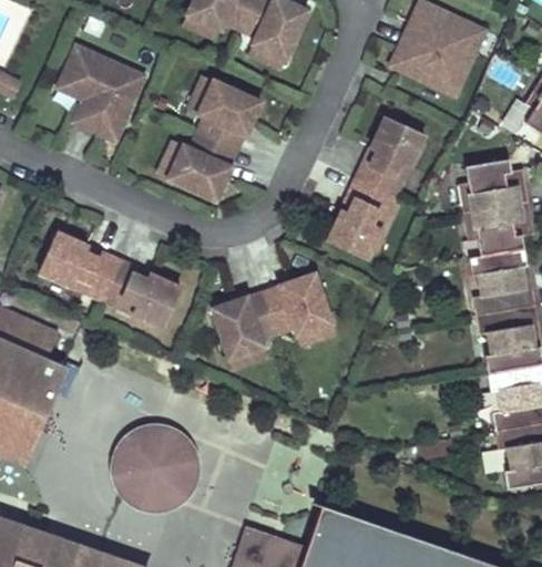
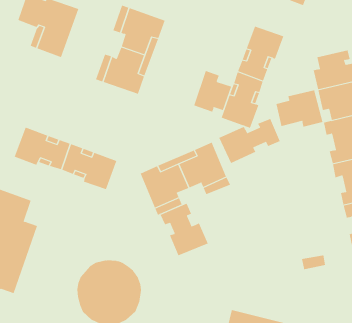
building: none -> [193,70,232,112]
building: none -> [276,89,323,127]
building: none -> [219,118,281,164]
building: none -> [160,203,208,256]

